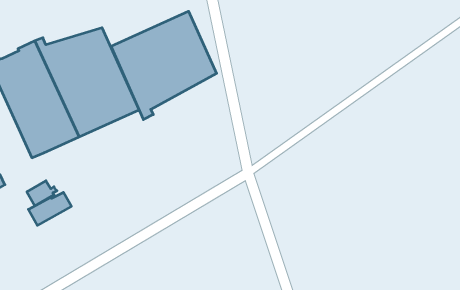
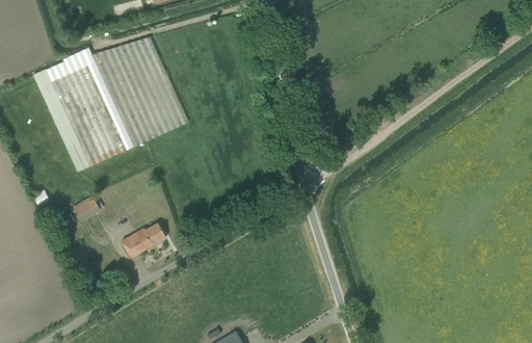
building: [111,11,217,120] -> none
building: [28,192,71,225] -> [122,222,166,257]

